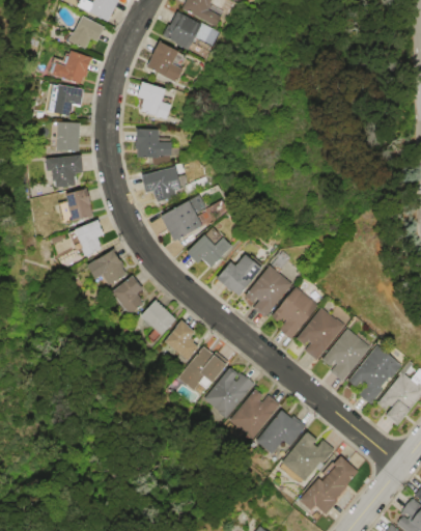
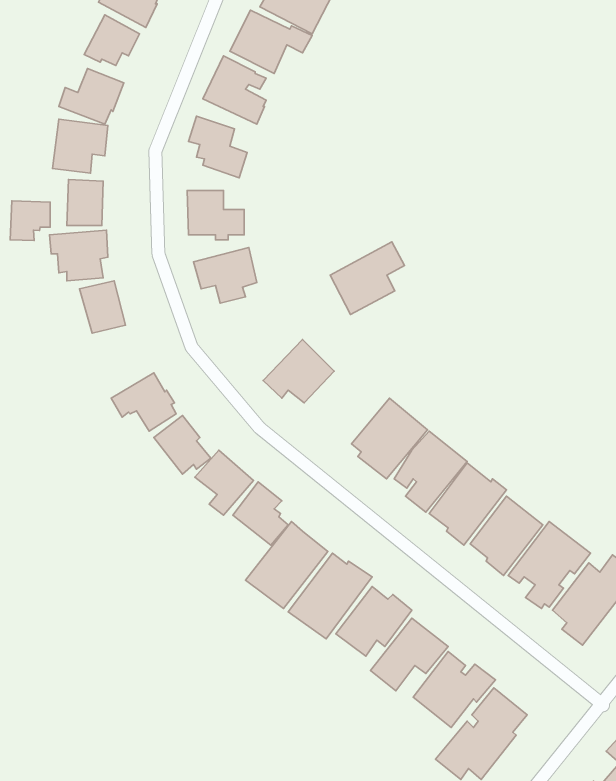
building: none -> [10,201,50,240]
building: [159,193,207,241] -> [330,242,404,315]
building: [73,219,104,257] -> none
building: [213,254,260,298] -> none

